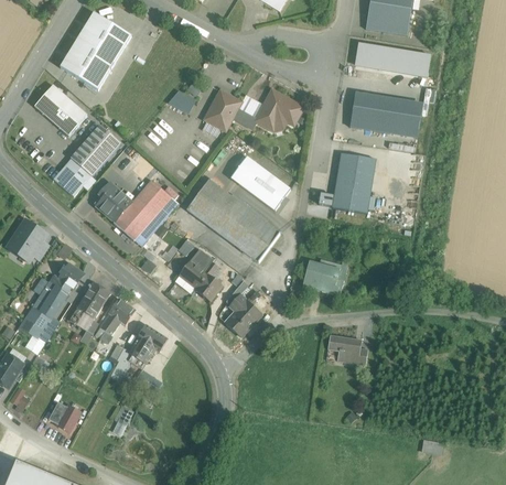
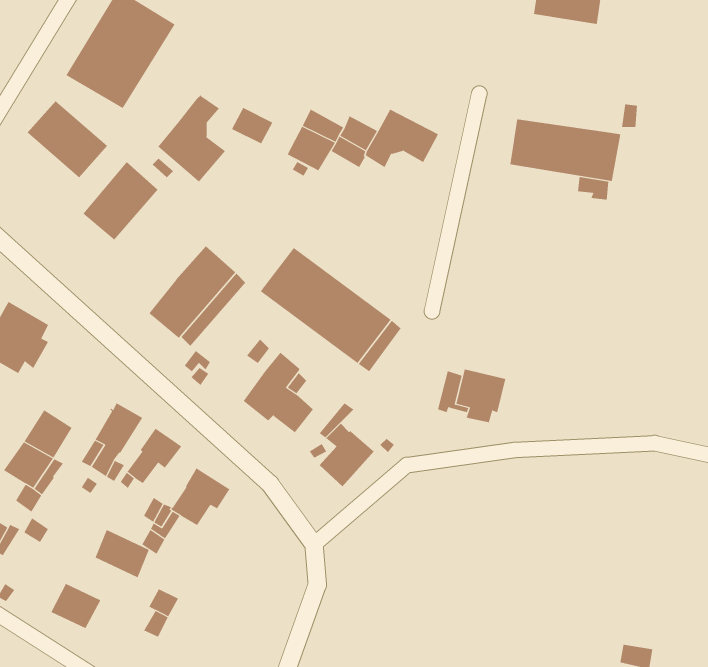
building: [354,42,430,77] -> none
building: none -> [157,94,226,183]
building: [332,152,376,213] -> none
building: [230,155,290,209] -> none
building: [53,158,96,195] -> none
building: [97,186,131,223] -> none
building: [45,262,83,298] -> none
building: [327,335,367,364] -> none
building: none -> [95,529,149,578]

